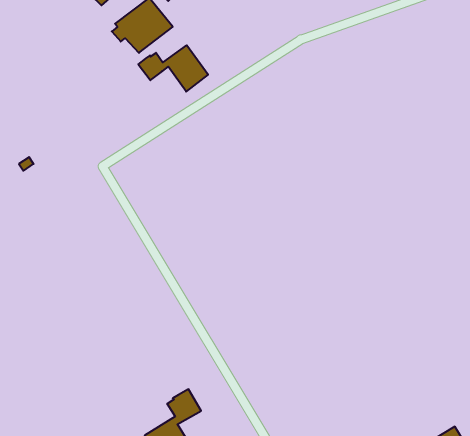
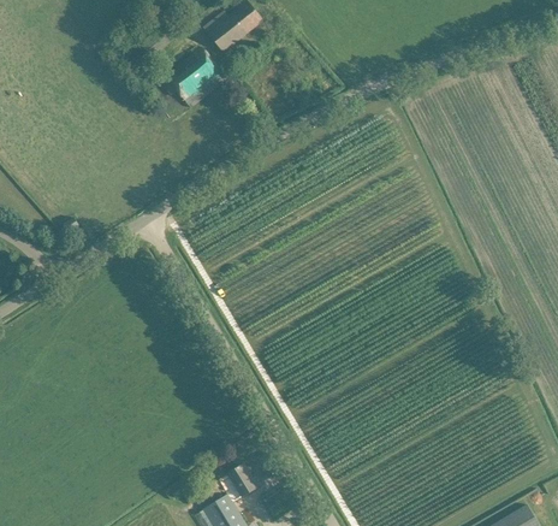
building: [138,45,208,92] -> none

